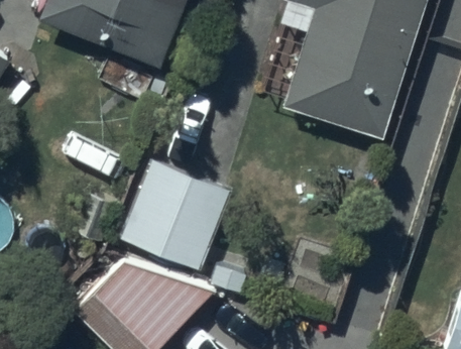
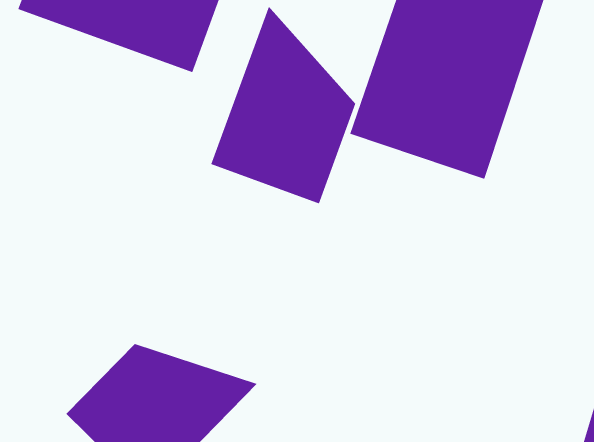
building: none -> [210,6,356,204]
building: [117,160,232,269] -> none

